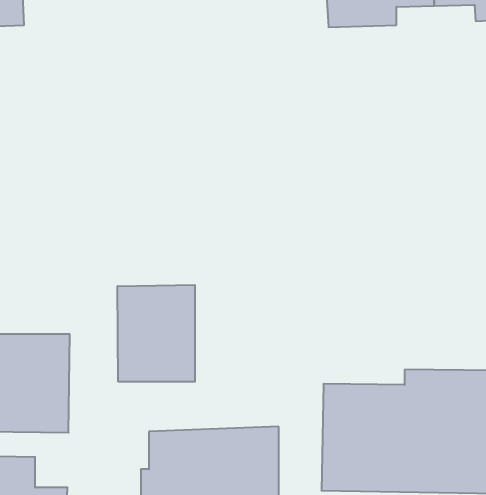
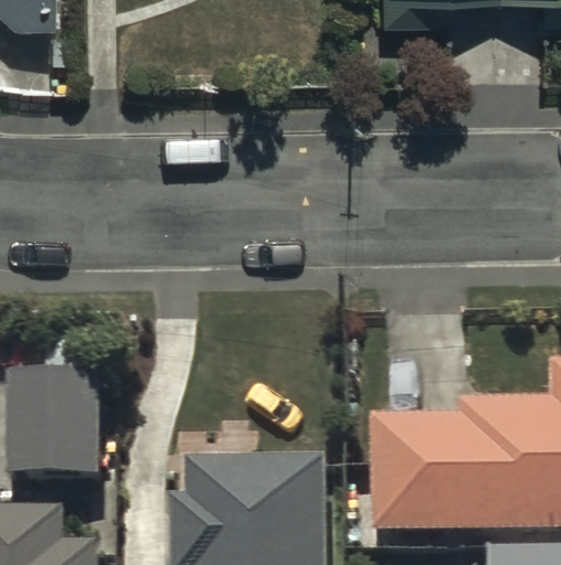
building: [118,285,195,382] -> none

